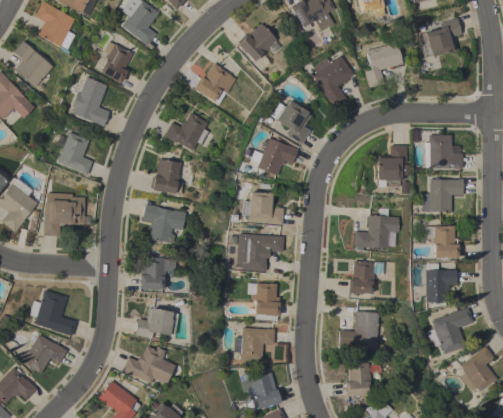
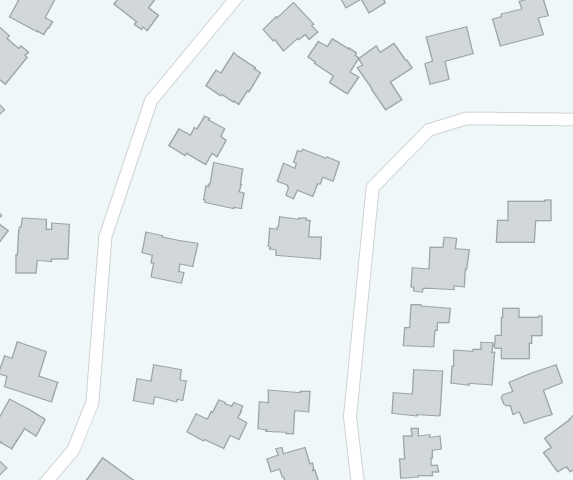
building: [100,41,133,83] -> none
building: [69,68,110,126] -> none
building: [271,100,311,143] -> [308,39,359,94]
building: [55,131,93,174] -> none
building: [424,134,463,168] -> none
building: [376,145,407,186] -> none
building: [151,158,183,194] -> [203,163,244,209]
building: [426,225,459,258] -> none
building: [236,233,284,271] -> none
building: [140,256,178,289] -> none
building: [248,282,280,320] -> none
building: none -> [451,342,495,385]
building: [122,345,169,383] -> [187,400,247,448]

